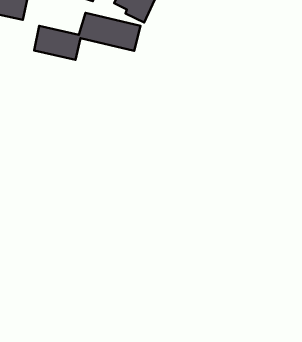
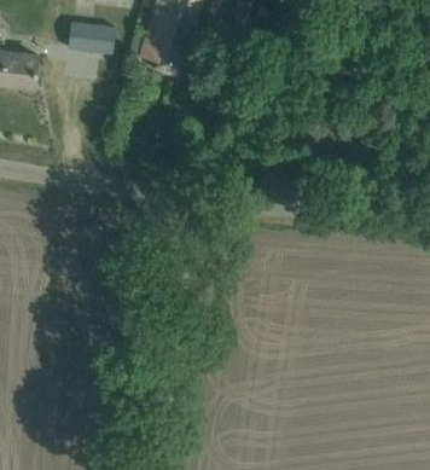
building: [34,13,141,60] -> none

